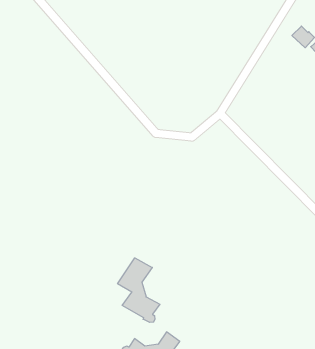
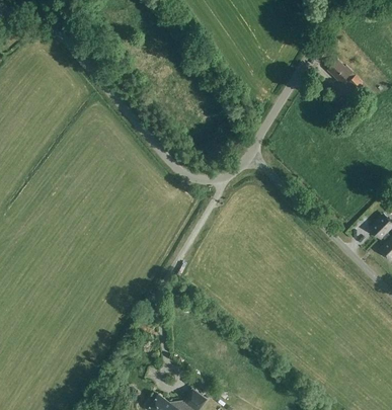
building: [118,258,160,322] -> none

